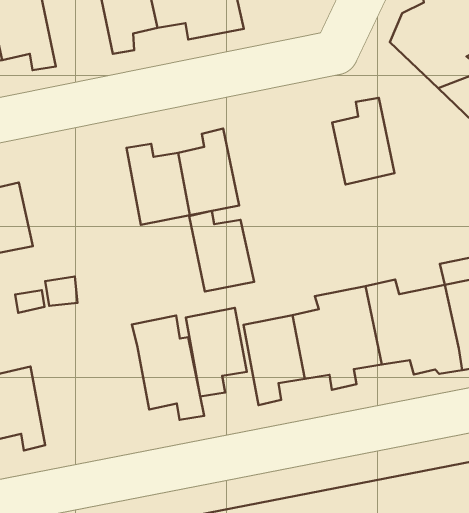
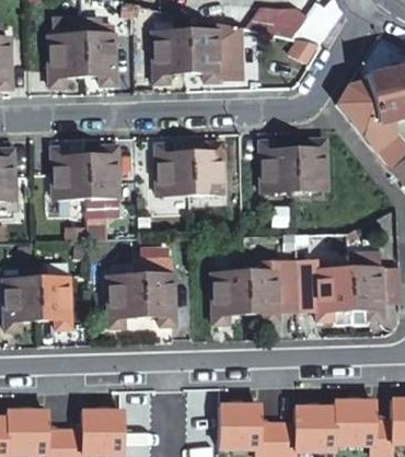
building: none -> [82,147,116,199]
building: [189,211,254,291] -> [258,142,293,194]
building: [186,308,247,396] -> [108,274,142,328]

